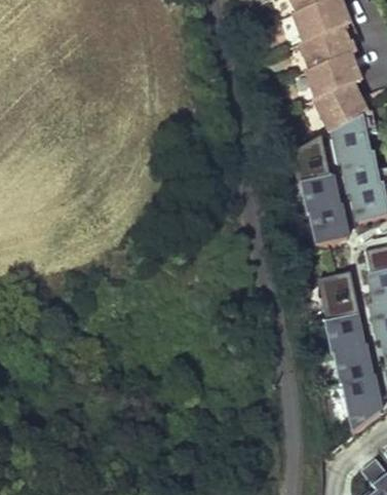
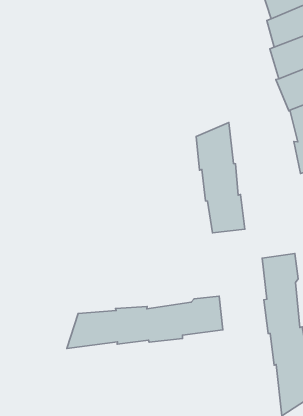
building: [289,136,348,246] -> [196,123,245,233]
building: none -> [67,296,223,349]

